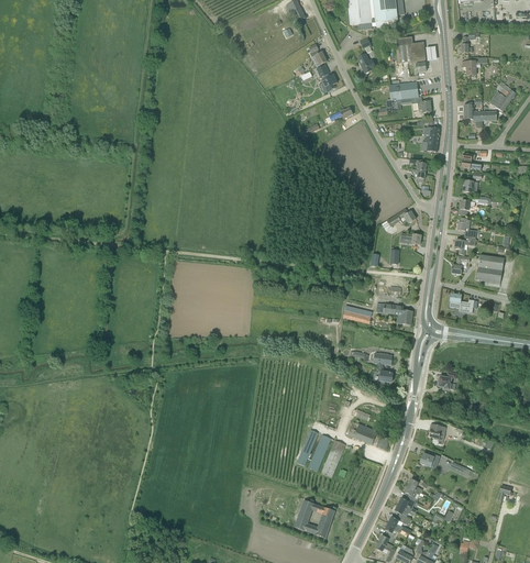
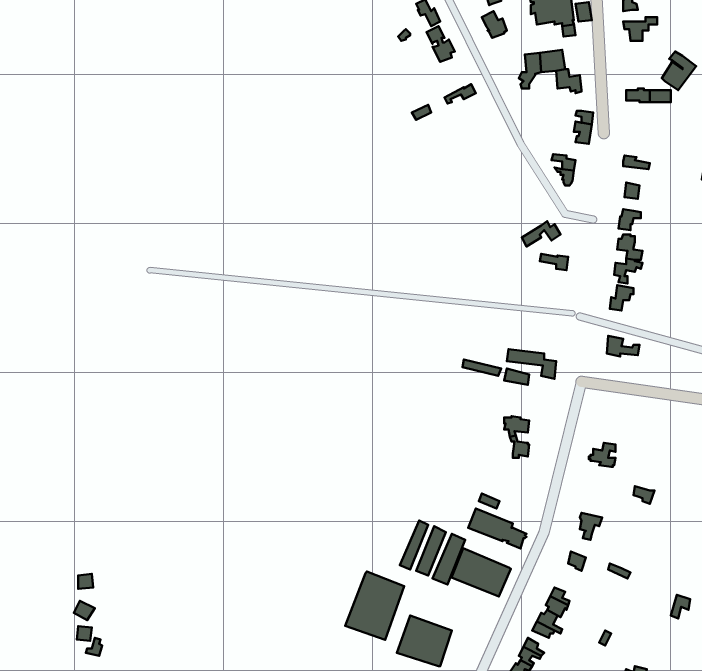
building: [476,254,504,286] -> none
building: none -> [451,548,511,597]
building: none -> [345,572,404,640]

